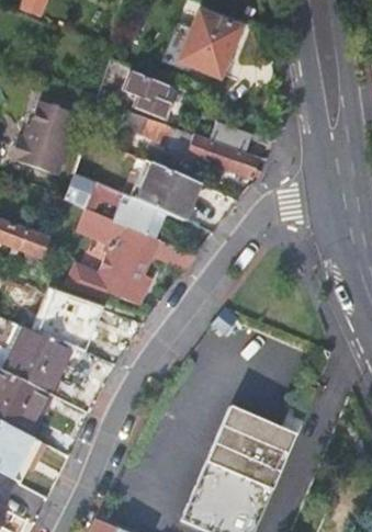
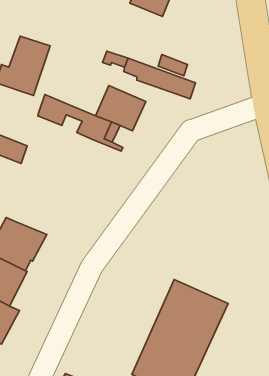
building: [123,70,171,117] -> none
building: [66,207,194,302] -> none
building: [37,290,104,350] -> none

